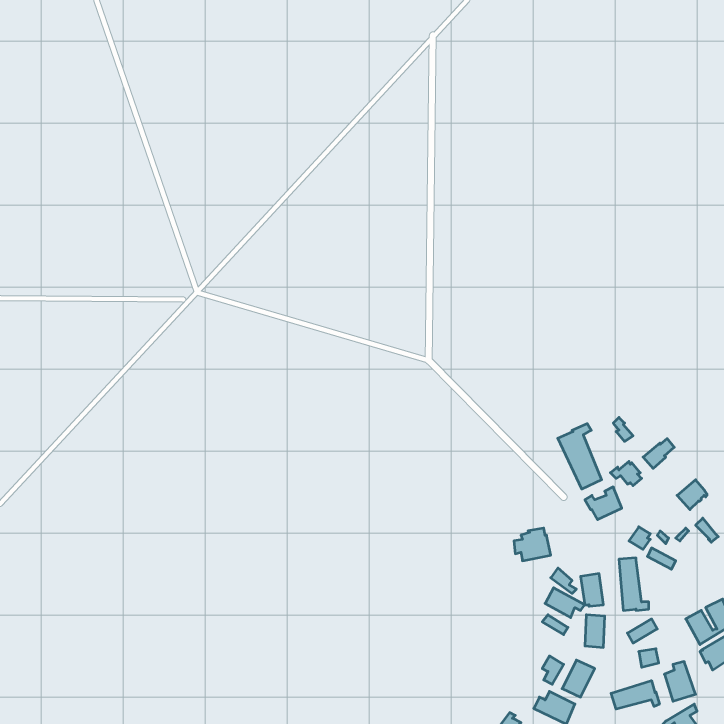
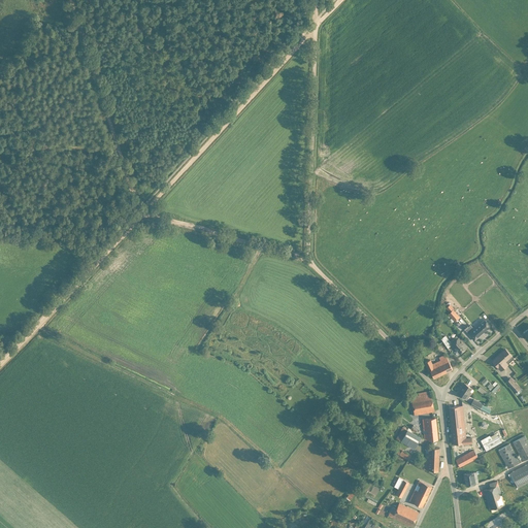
building: [558,424,602,489] -> none
building: [514,528,551,561] -> [408,392,435,416]
building: [611,681,659,709] -> none

